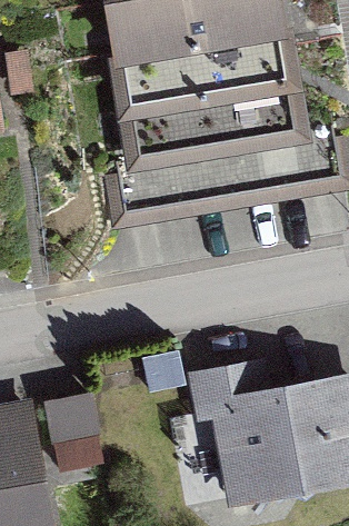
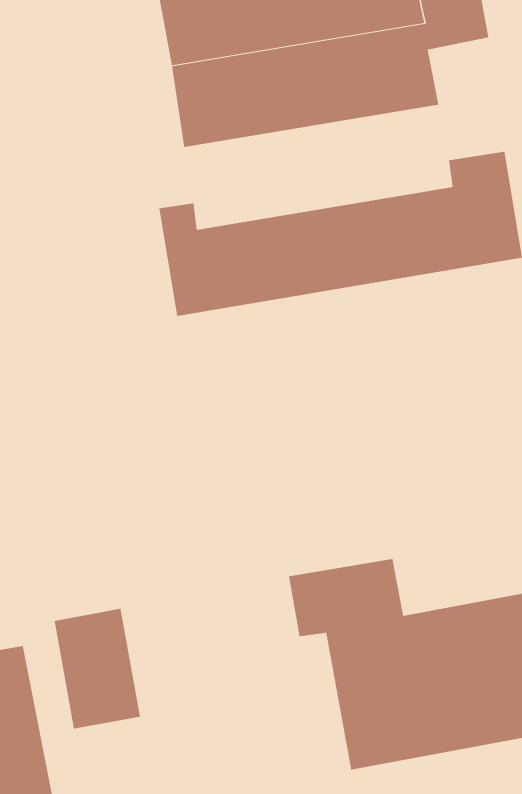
building: [128,79,296,157] -> none

